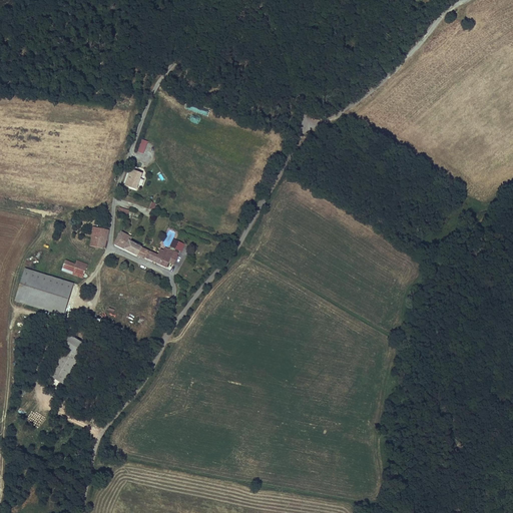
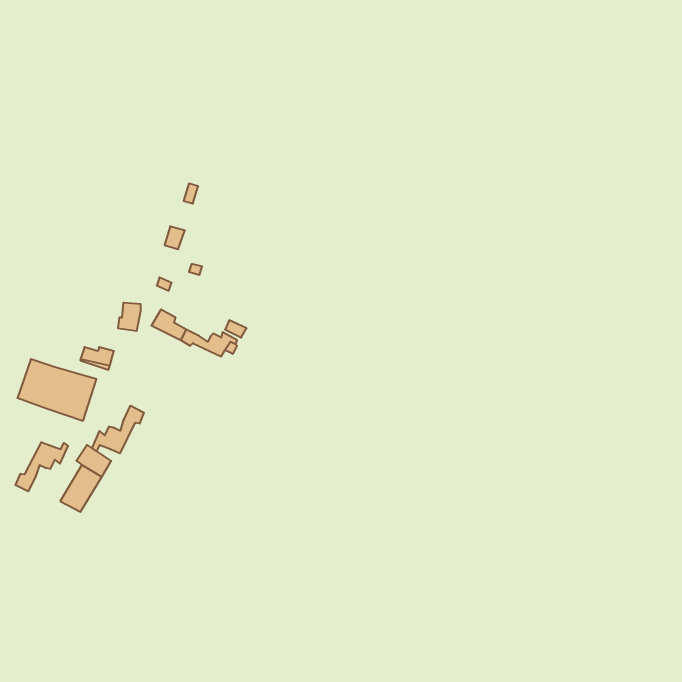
building: none -> [92,406,144,453]
building: none -> [16,442,68,491]

